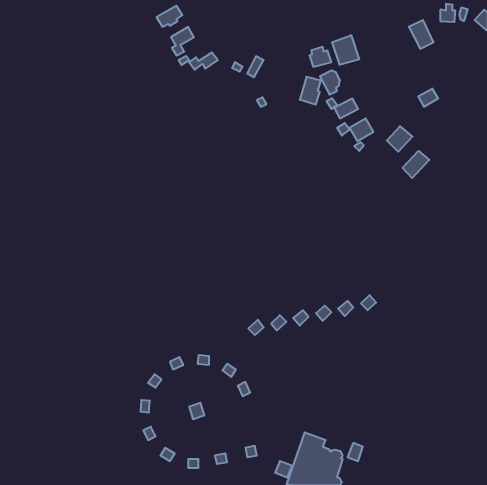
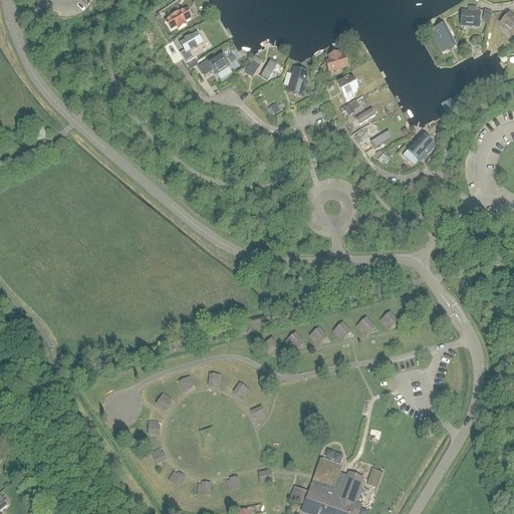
building: [332,35,359,65] -> none
building: [300,77,321,104] -> [287,65,309,94]
building: [403,151,429,178] -> none

